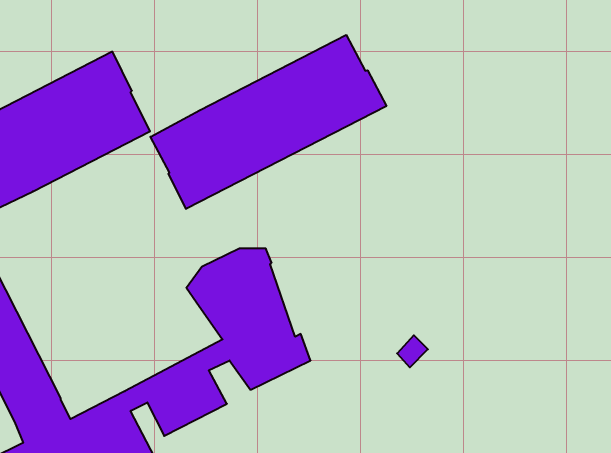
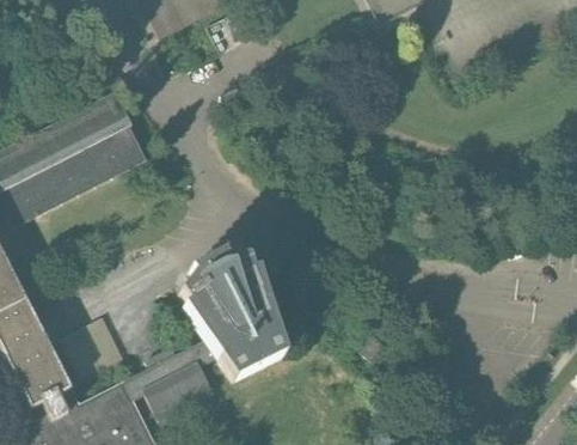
building: [150,35,386,209] -> none

